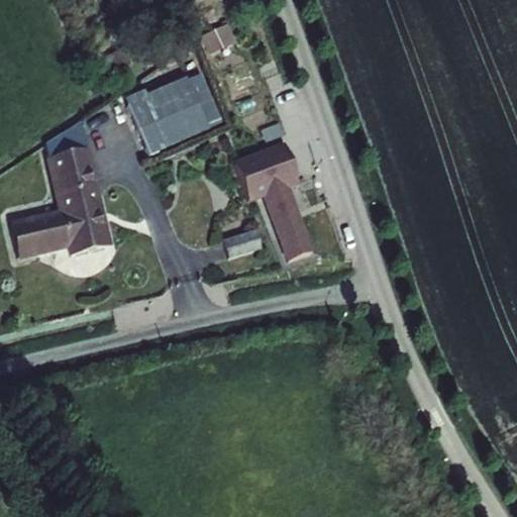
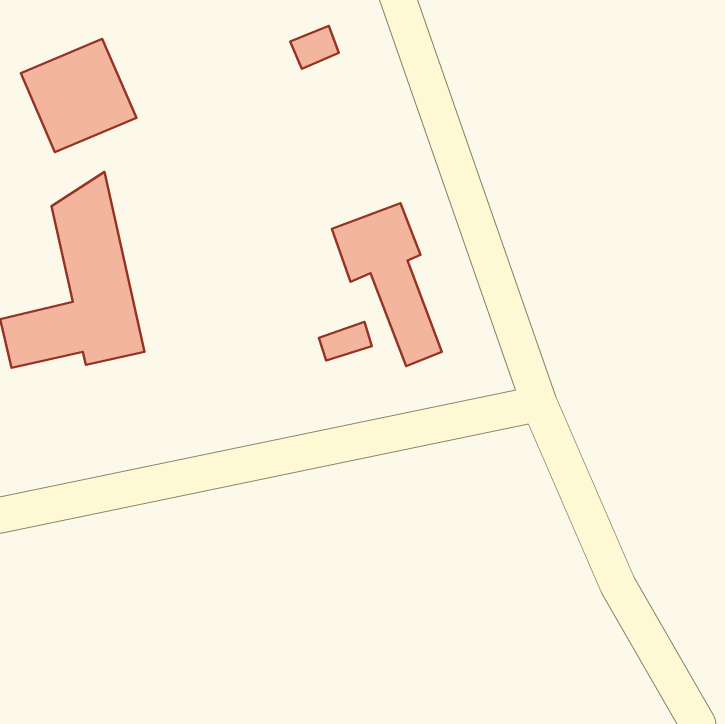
building: [130,73,212,152] -> [21,39,136,152]

